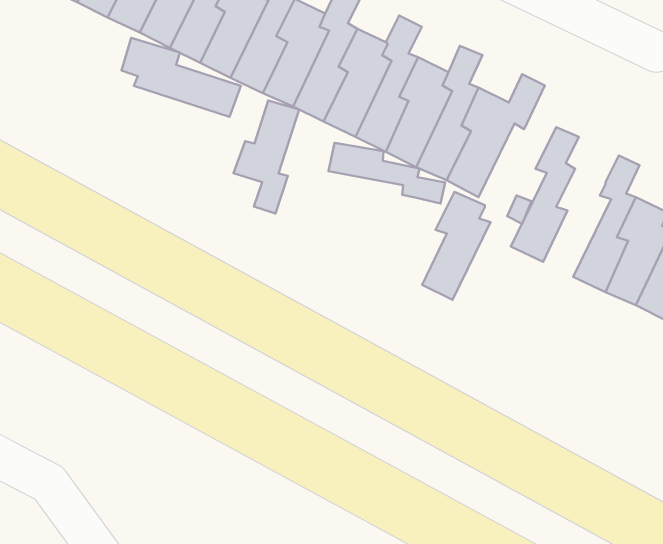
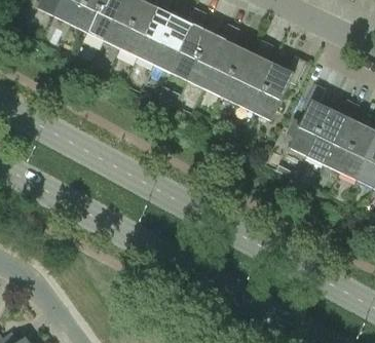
building: [121,38,241,117] -> none
building: [233,100,299,213] -> none
building: [328,143,445,203] -> none
building: [422,192,490,300] -> [306,106,343,164]

